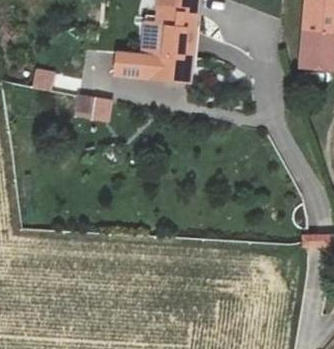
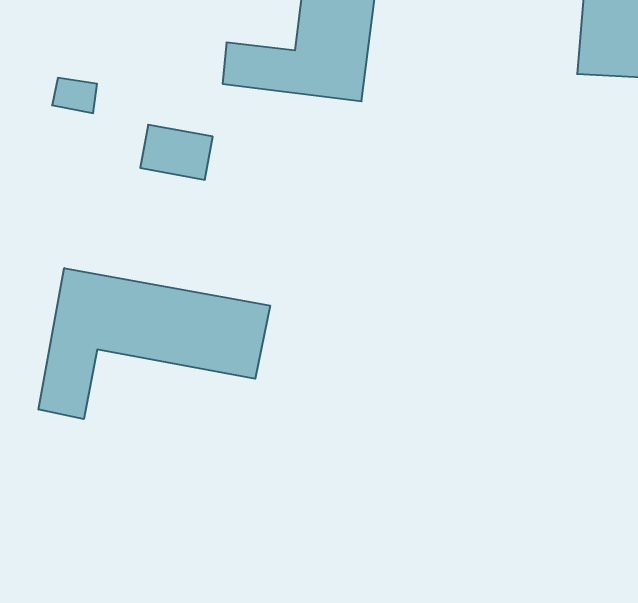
building: none -> [39,268,270,419]

